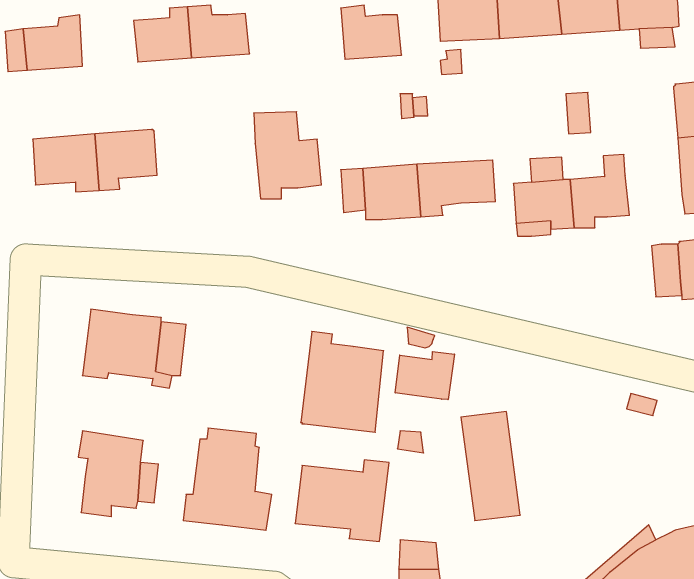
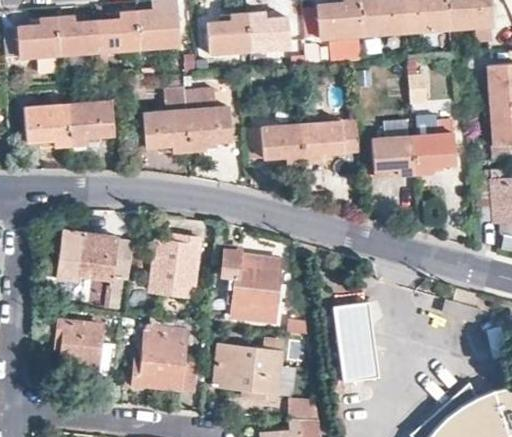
building: none -> [210,12,251,52]
building: none -> [59,16,101,54]
building: none -> [144,86,190,151]
building: none -> [154,236,201,297]
building: [395,352,454,400] -> none

